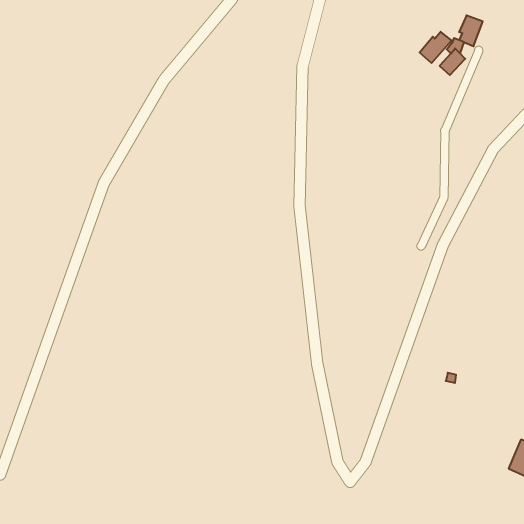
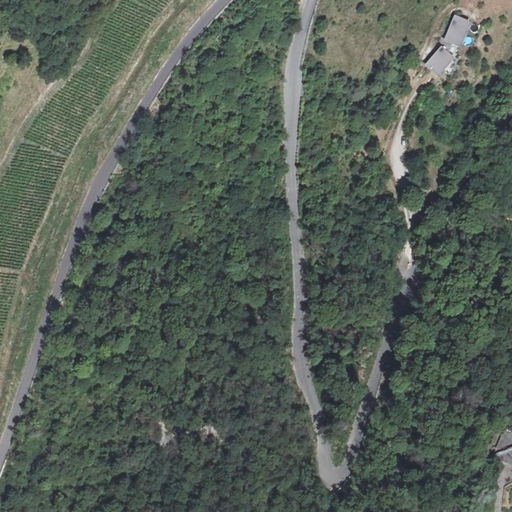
building: [420,32,452,63] -> none

